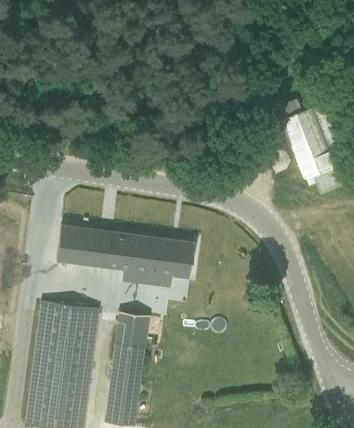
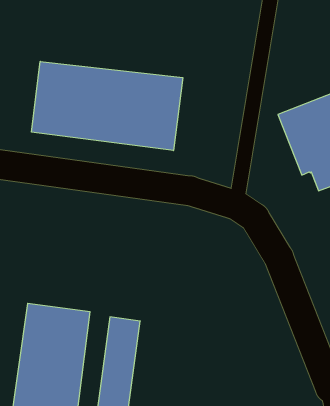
building: none -> [32,61,183,151]
building: [55,226,193,285] -> none

